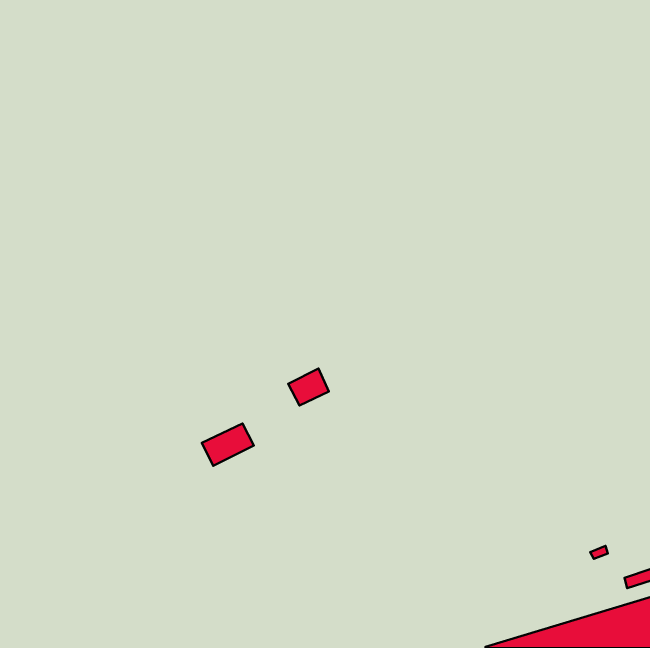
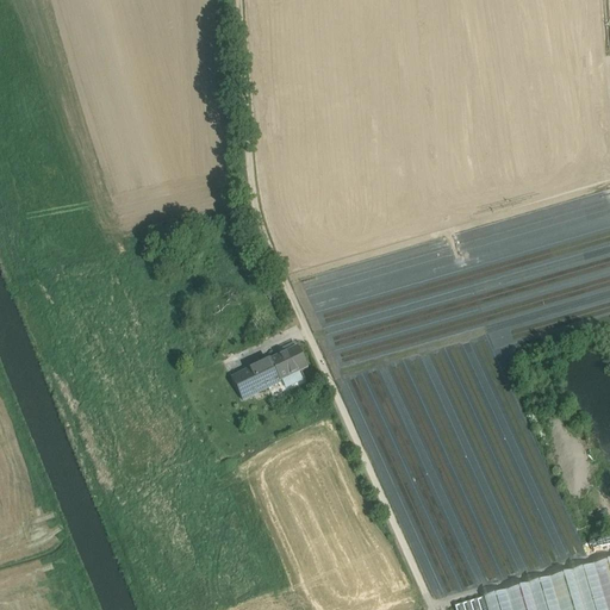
building: [202,424,254,466] -> [232,359,281,398]

